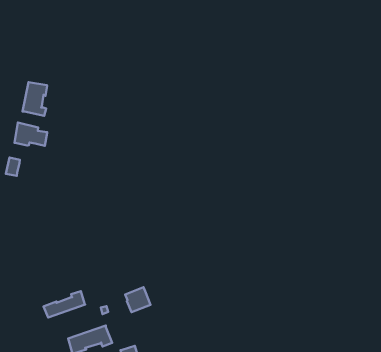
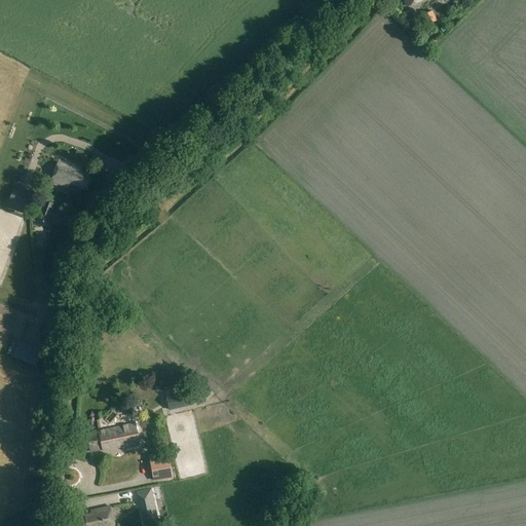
building: [23,82,47,116] -> none
building: [43,291,85,317] -> none

